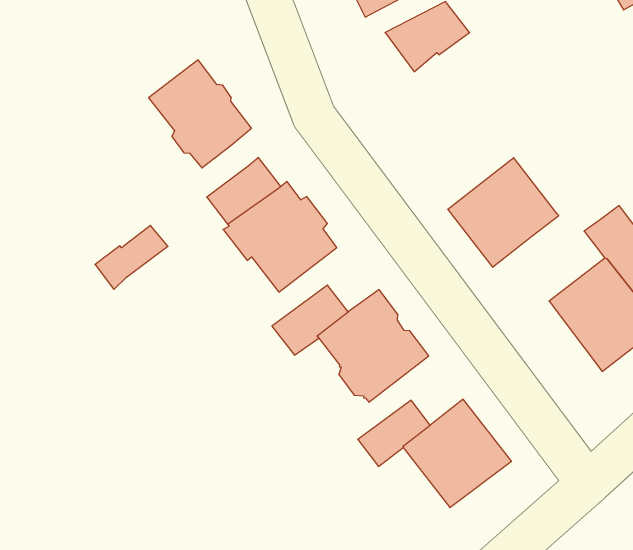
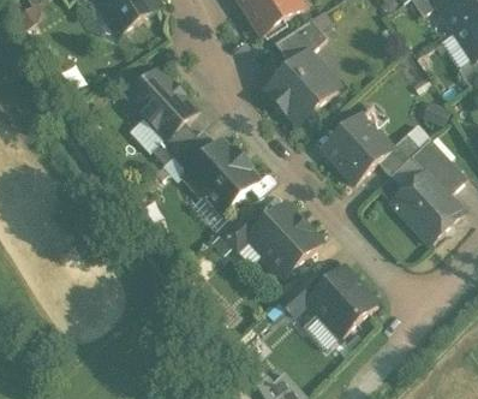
building: none -> [267,50,337,121]
building: none -> [376,131,418,173]
building: [95,225,168,289] -> [150,120,195,162]

